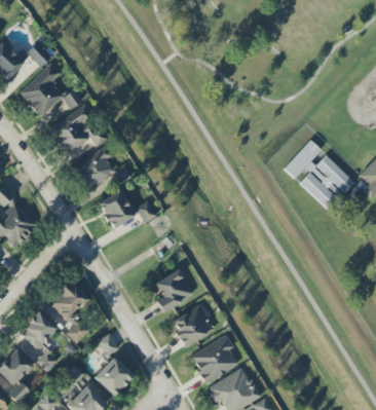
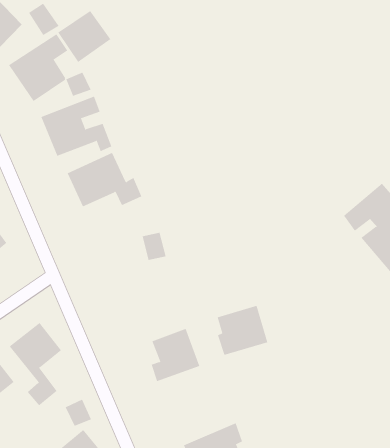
building: none -> [58,10,111,63]
building: [98,191,134,228] -> none
building: [173,305,214,346] -> [217,305,268,355]

